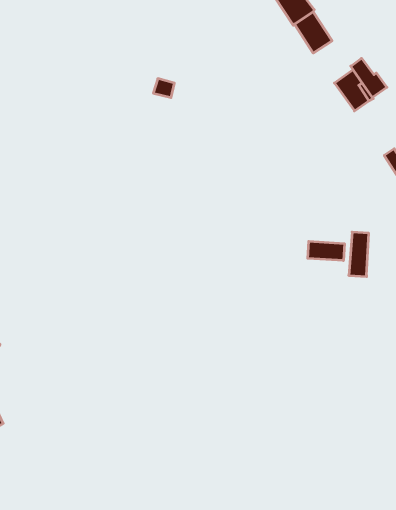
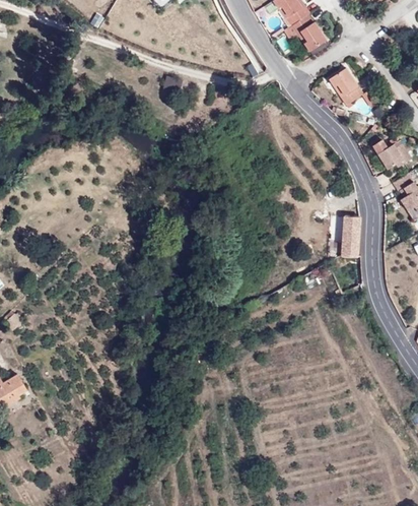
building: [351,58,387,98] -> none
building: [308,241,344,261] -> none

